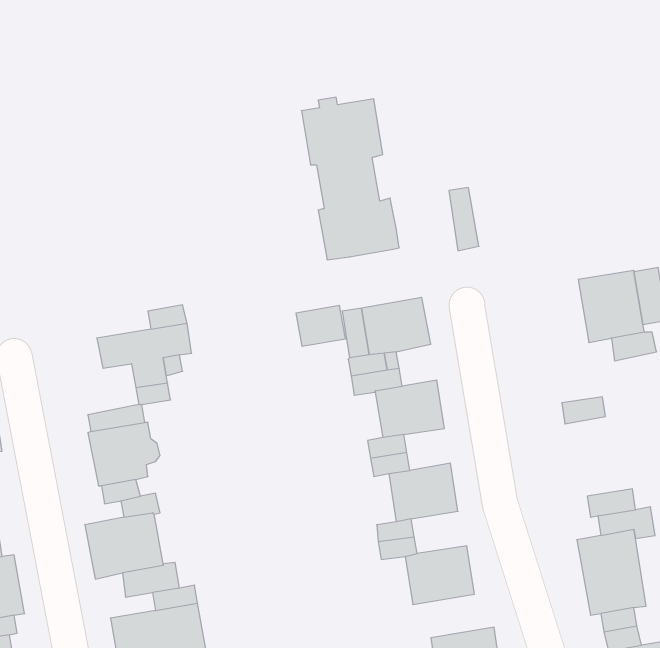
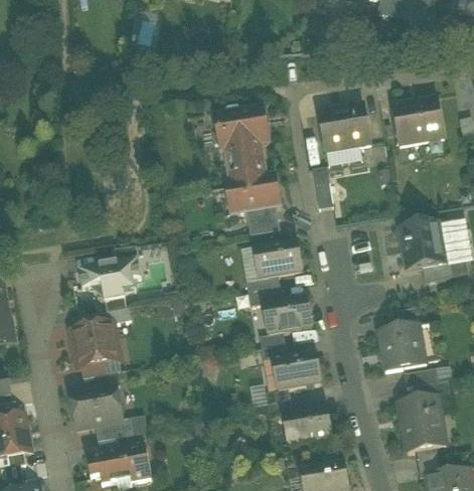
building: none -> [392,96,445,146]
building: none -> [318,103,370,152]
building: [296,306,346,346] -> [247,207,280,234]
building: none -> [378,324,426,369]

